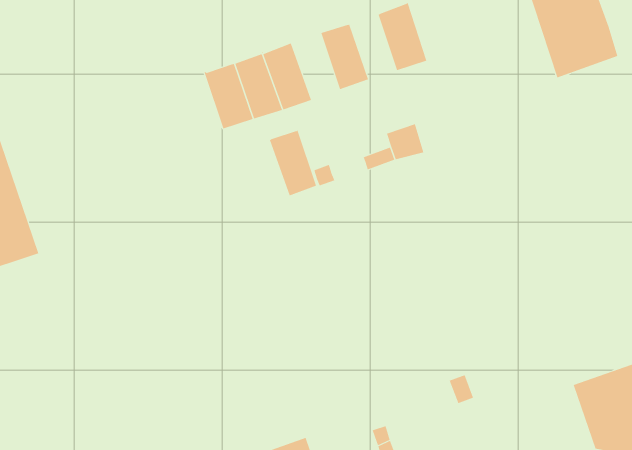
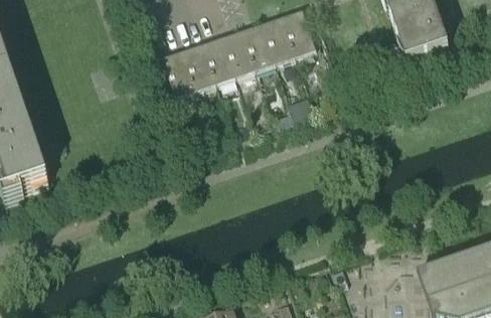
building: none -> [263,16,295,62]
building: [269,128,317,196] -> [222,29,256,76]

